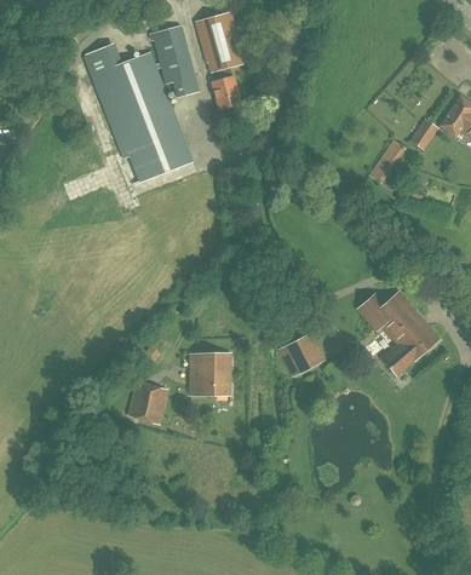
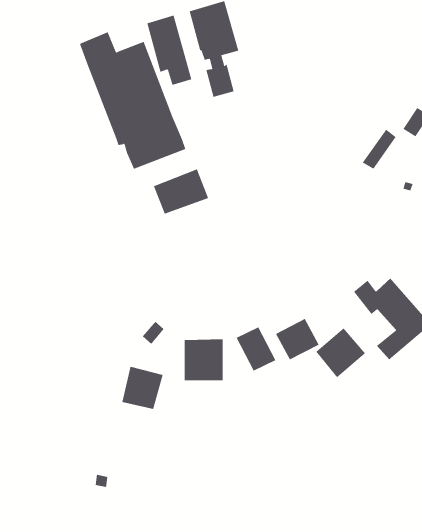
building: none -> [153,169,209,215]
building: none -> [236,326,276,372]
building: none -> [316,328,366,378]

